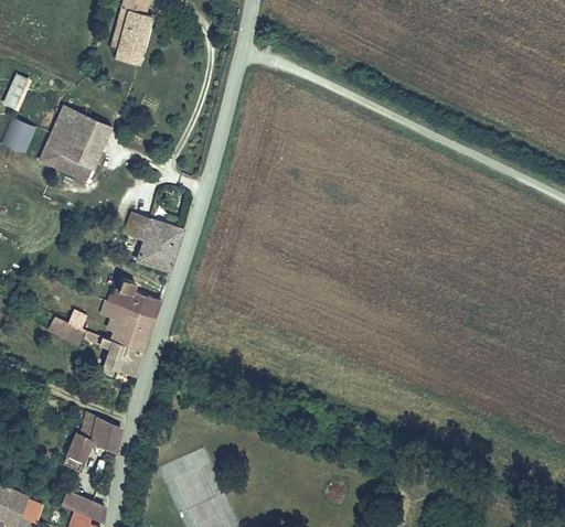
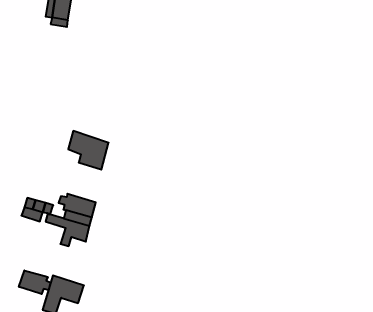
building: [42,108,110,183] -> none
building: [114,280,161,318] -> none
building: none -> [19,270,50,294]

